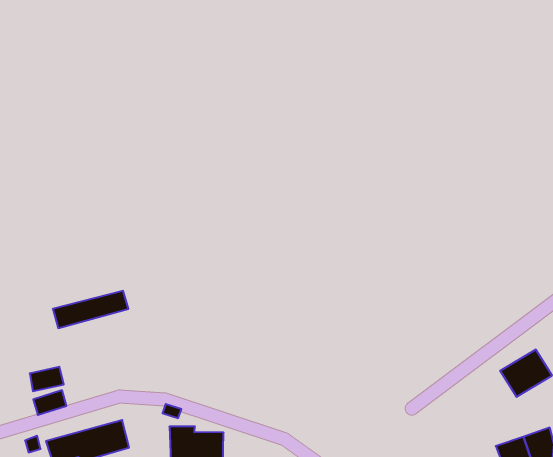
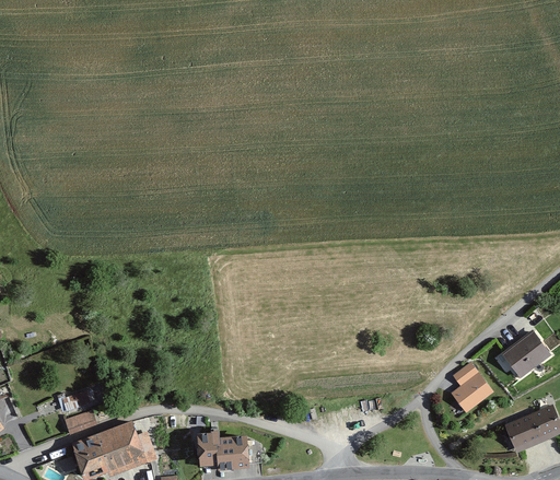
building: [53,291,128,328] -> [73,418,144,458]
building: none -> [451,362,493,413]

